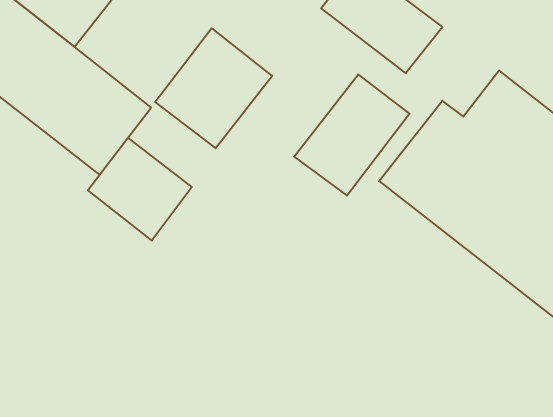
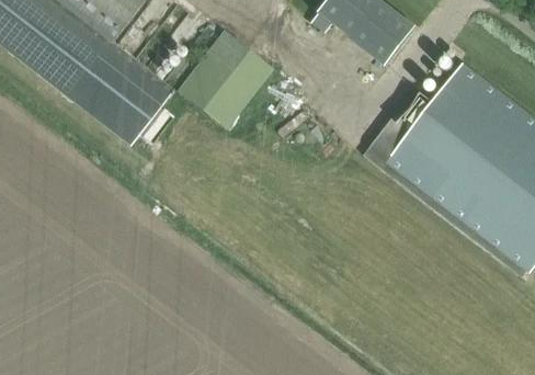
building: [294,74,410,196] -> none
building: [88,138,192,241] -> none

